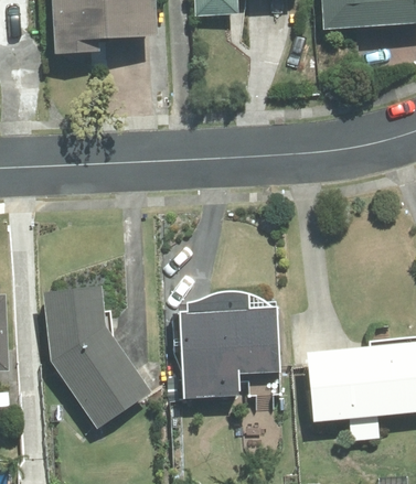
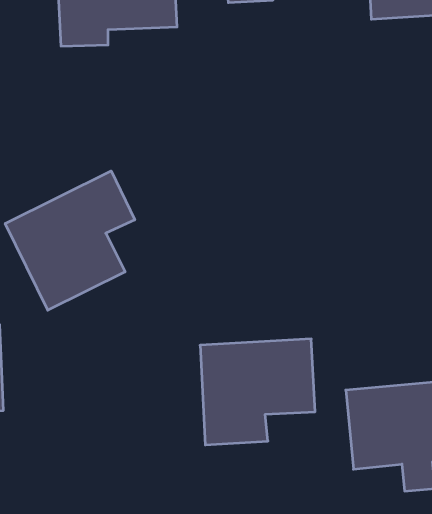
building: none -> [5,171,135,310]
building: [43,284,150,426] -> none

